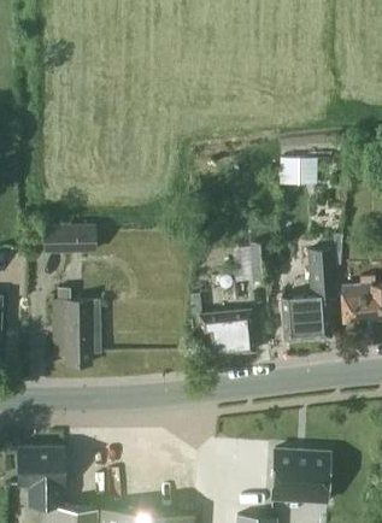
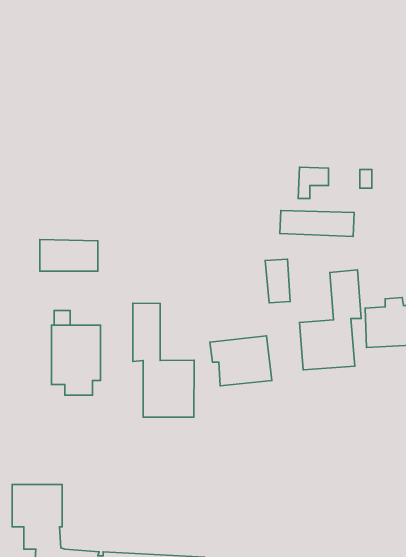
building: none -> [280,211,354,237]
building: none -> [133,303,194,417]
building: [271,448,328,499] -> none

